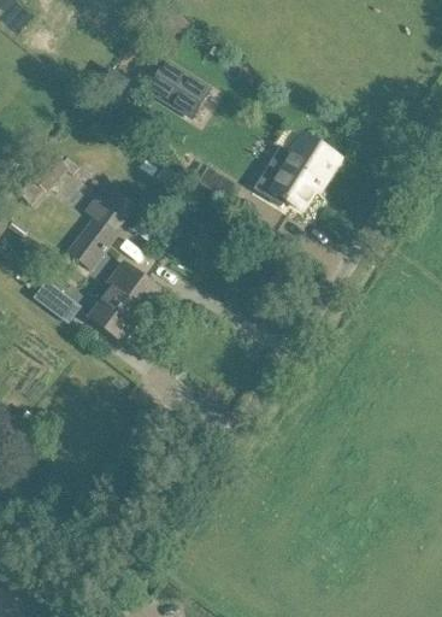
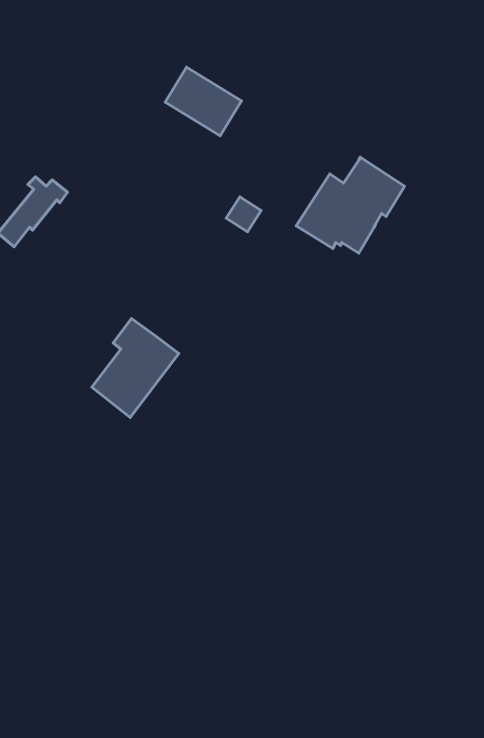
building: [67,182,139,271] -> none
building: [33,278,81,324] -> none

